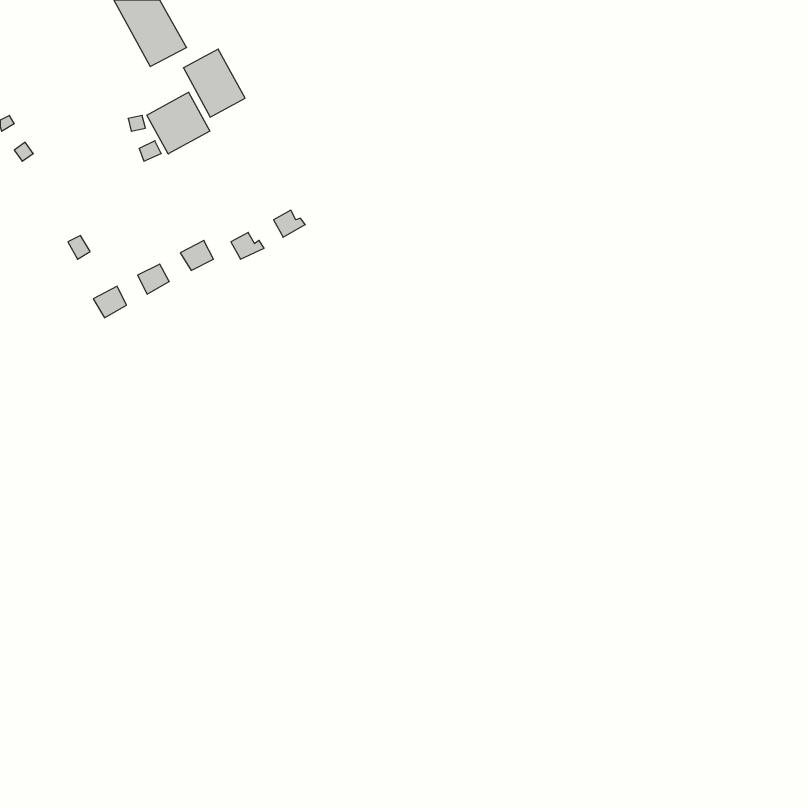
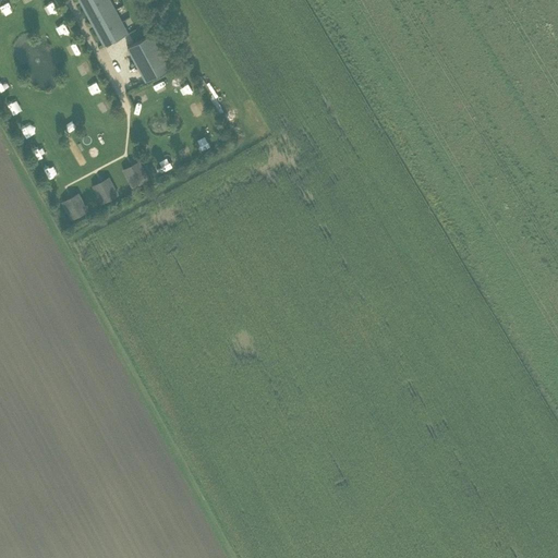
building: [147,92,210,154] -> none

